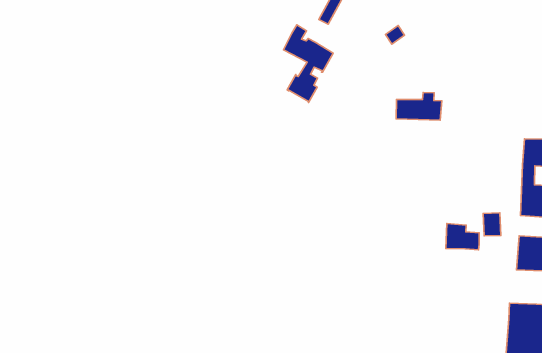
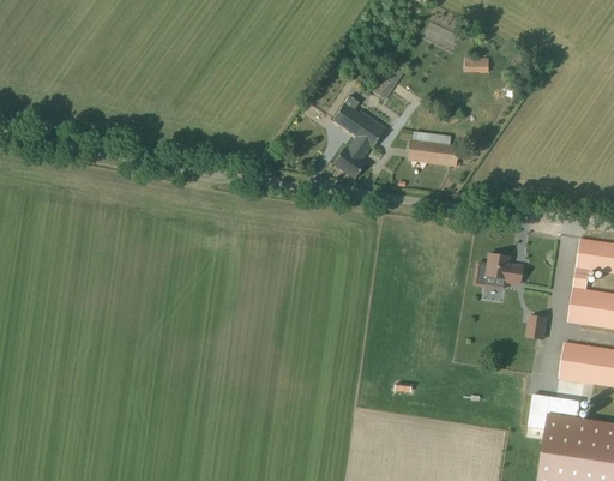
building: [396,93,442,120] -> [408,134,458,166]
building: [446,223,479,250] -> [484,253,522,284]

